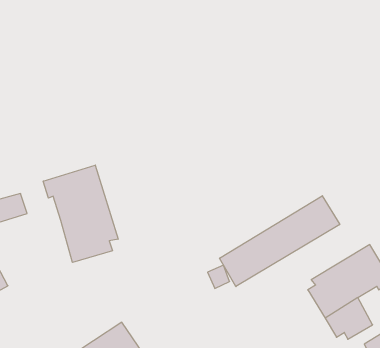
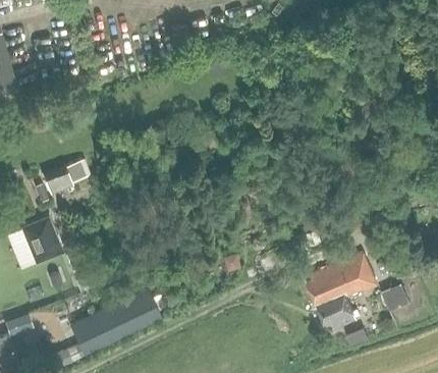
building: [43,165,118,262] -> none
building: [220,196,340,287] -> none

